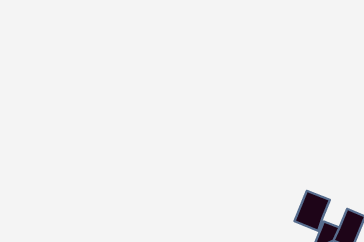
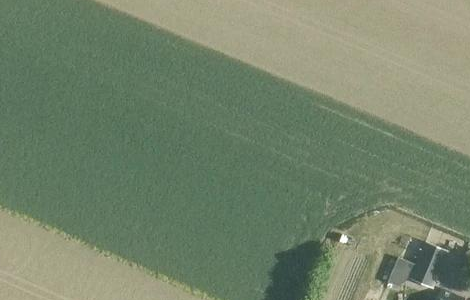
building: [294,191,330,231] -> none

